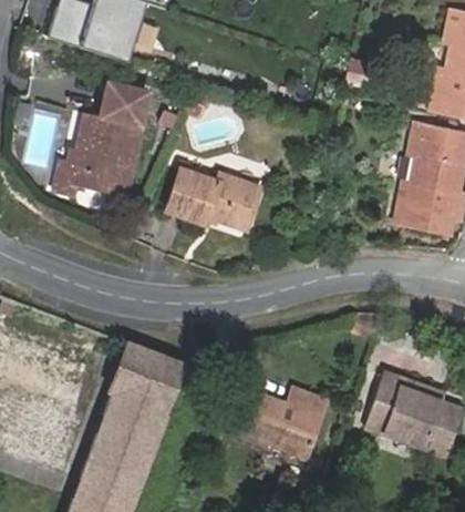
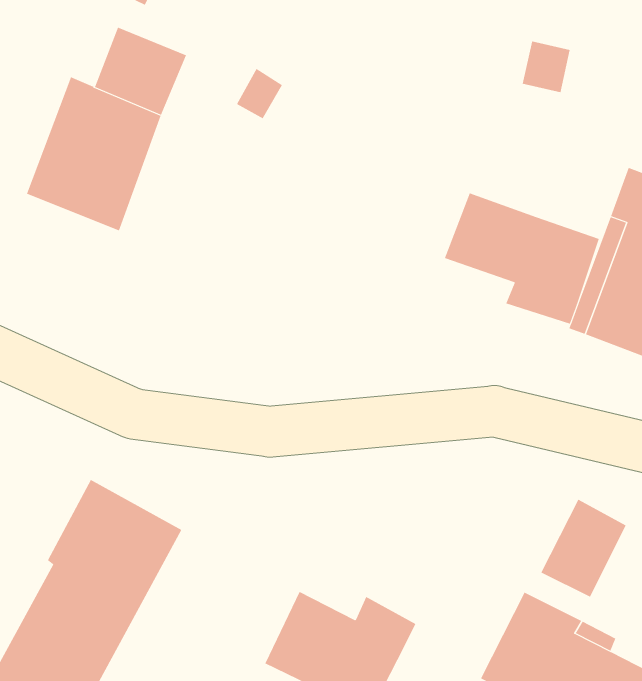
building: none -> [444,192,600,325]
building: [166,176,260,236] -> none
building: none -> [540,499,626,597]

